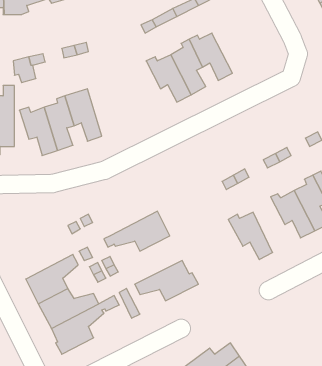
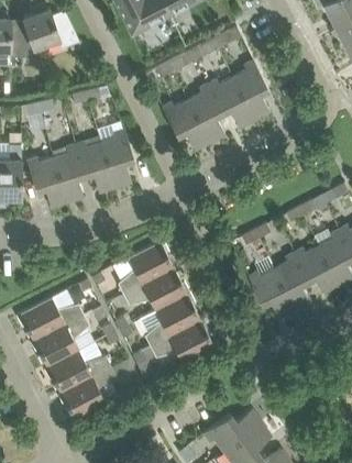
building: none -> [231,60,268,120]
building: none -> [97,126,133,187]
building: none -> [111,239,173,294]
building: none -> [275,252,311,311]
building: none -> [136,294,199,345]
building: none -> [15,296,83,340]

